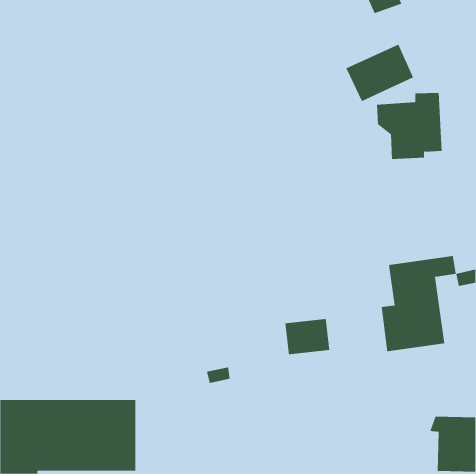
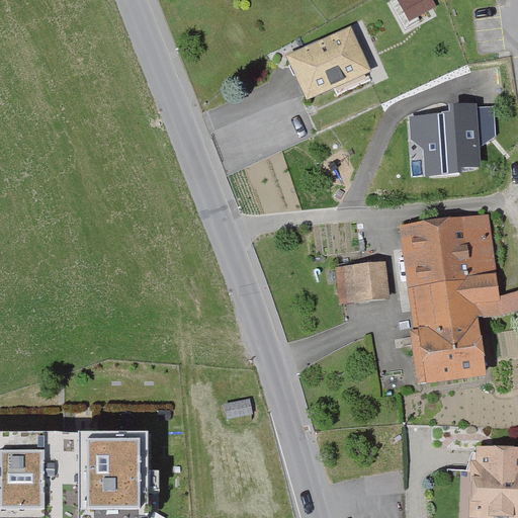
building: [346,44,414,102] -> [290,30,364,93]
building: none -> [411,218,492,287]
building: [285,318,330,355] -> [339,263,388,303]

